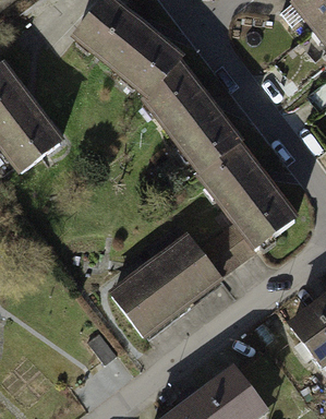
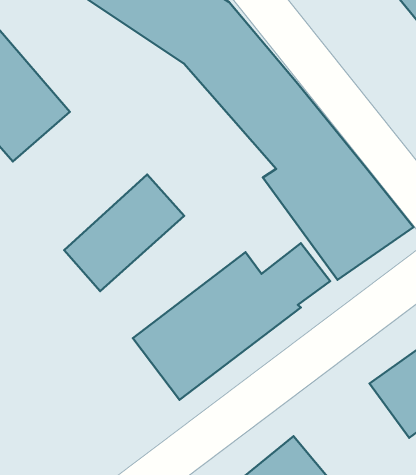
building: none -> [64,175,184,291]

